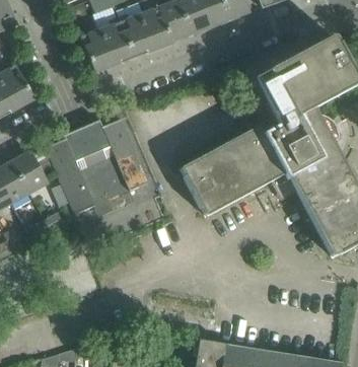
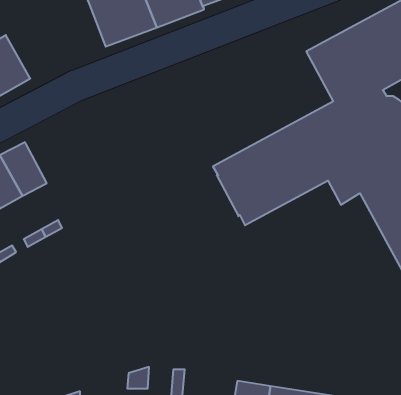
building: [46,119,146,213] -> none

